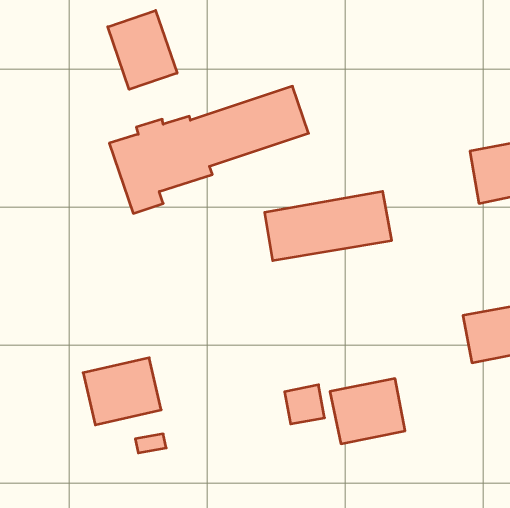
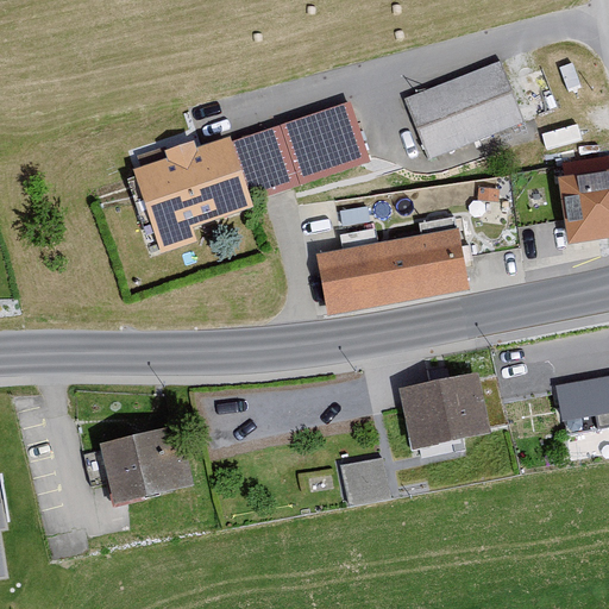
building: [108,10,177,89] -> none
building: none -> [403,62,521,157]
building: [330,379,405,444] -> [402,371,491,448]

